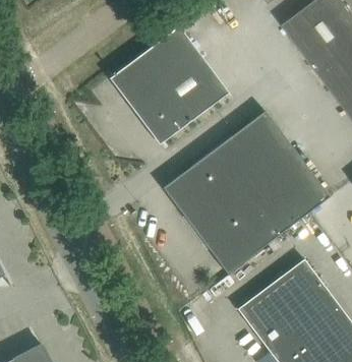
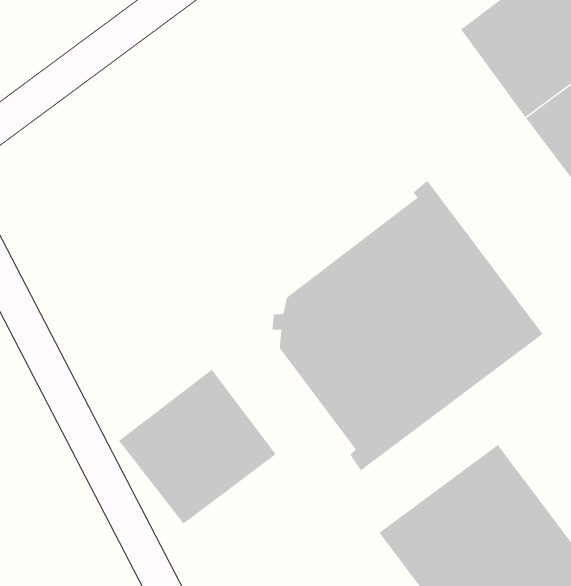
building: [109,24,229,145] -> none
building: none -> [118,369,276,524]

